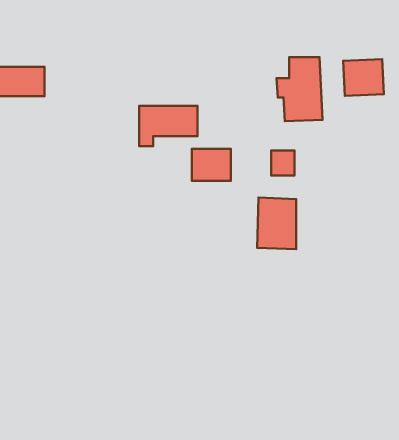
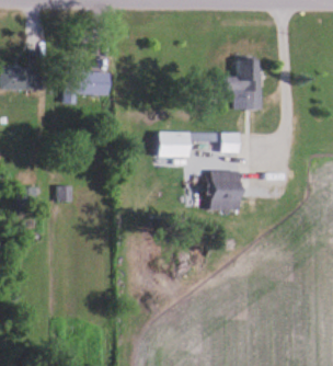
building: [343,59,384,96] -> none
building: [139,106,198,146] -> [61,70,107,102]

